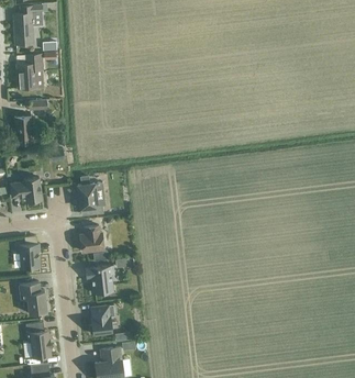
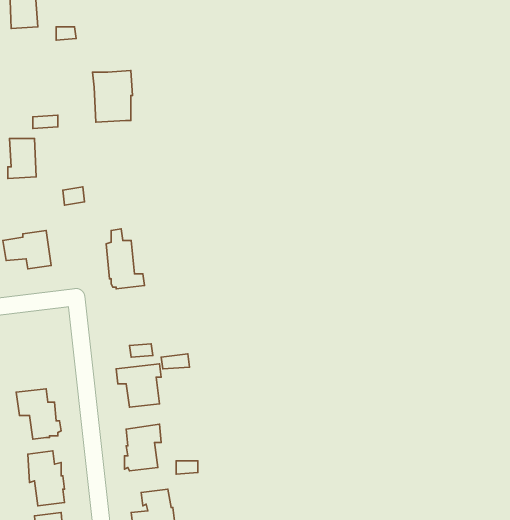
building: [16,54,43,88] -> [92,70,133,122]
building: [80,225,103,252] -> none
building: [19,243,40,269] -> none

